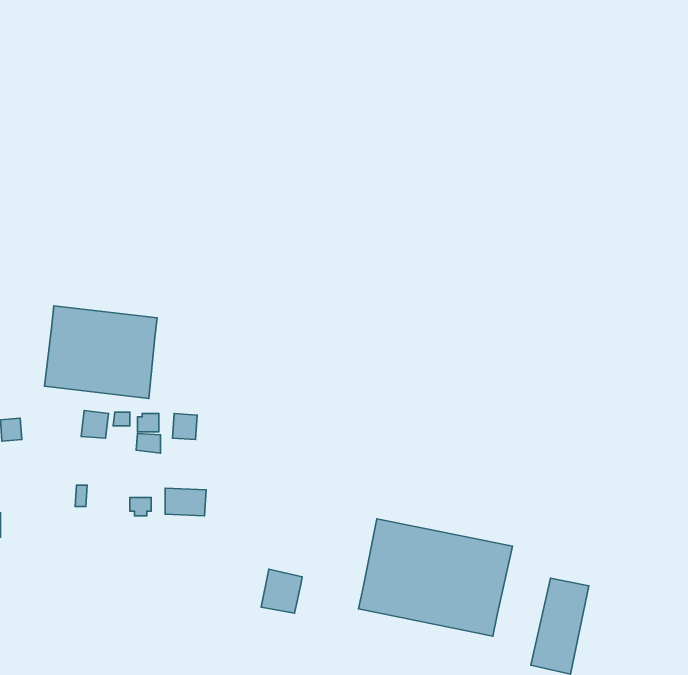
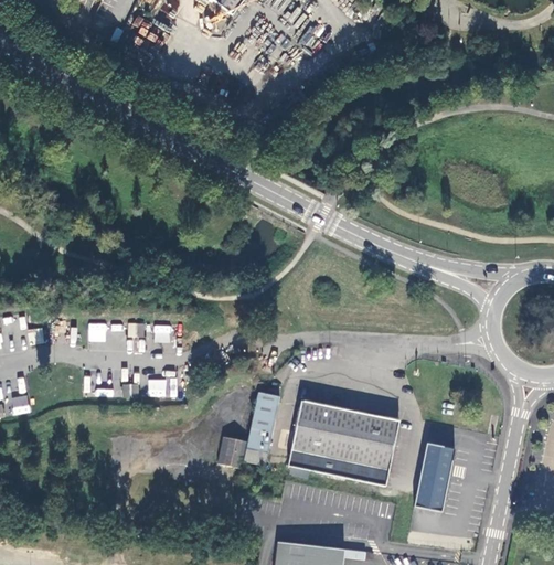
building: [44,306,157,399] -> none
building: none -> [246,392,280,451]

